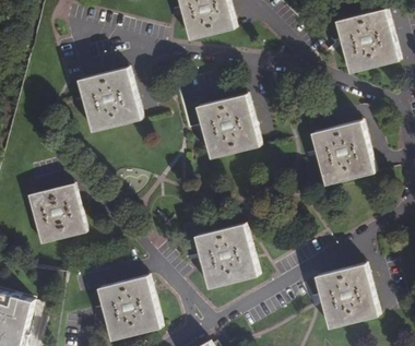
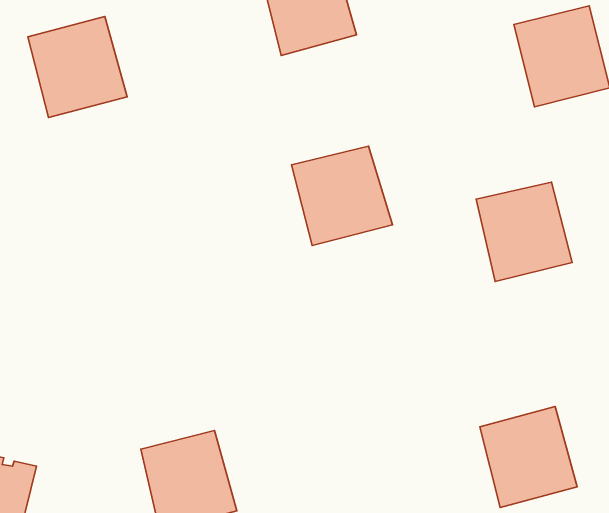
building: [79,67,142,131] -> [28,16,127,117]
building: [26,184,84,246] -> none
building: [194,222,257,287] -> none

